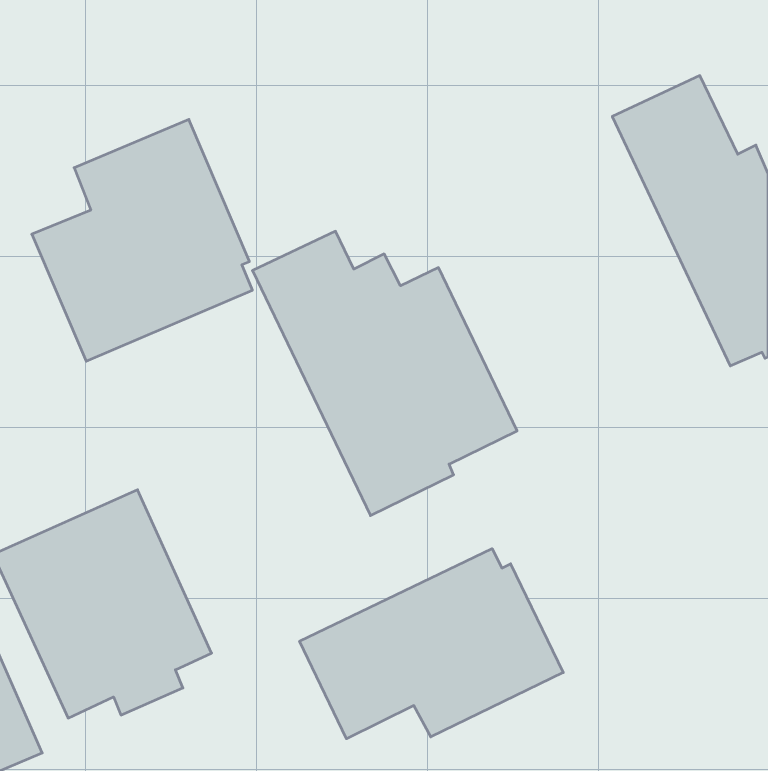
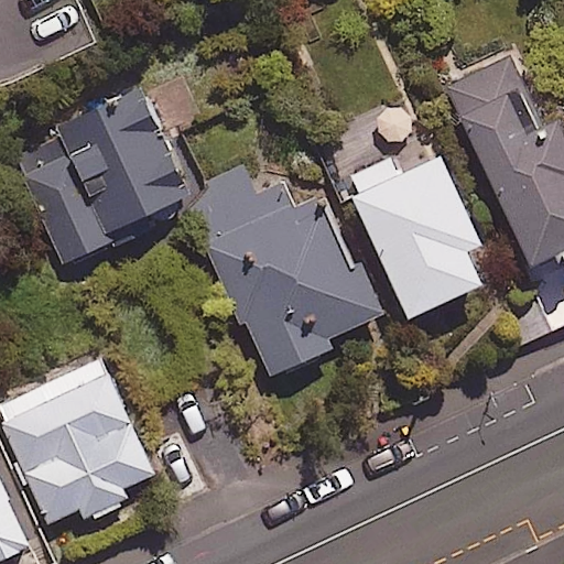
building: none -> [354,158,480,317]
building: [300,549,563,739] -> none

